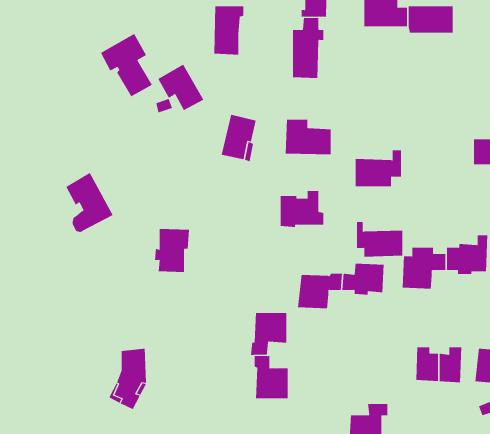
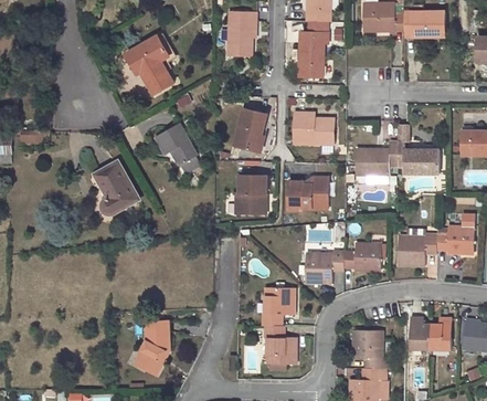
building: [158,64,204,111] -> [155,124,197,166]
building: [356,221,403,257] -> [396,141,438,173]
building: [154,228,190,273] -> [234,176,266,215]
building: none -> [351,329,393,369]

